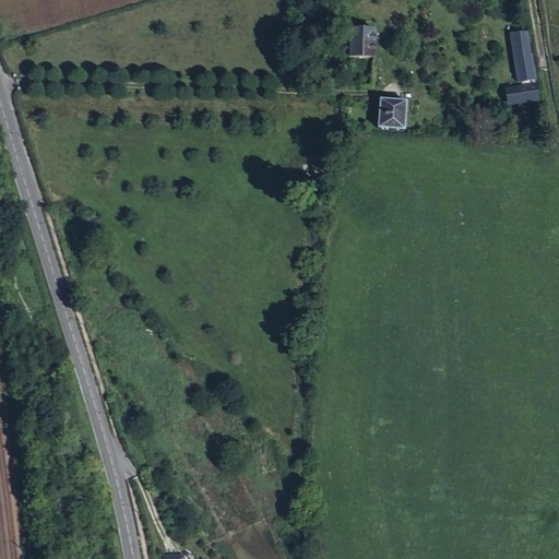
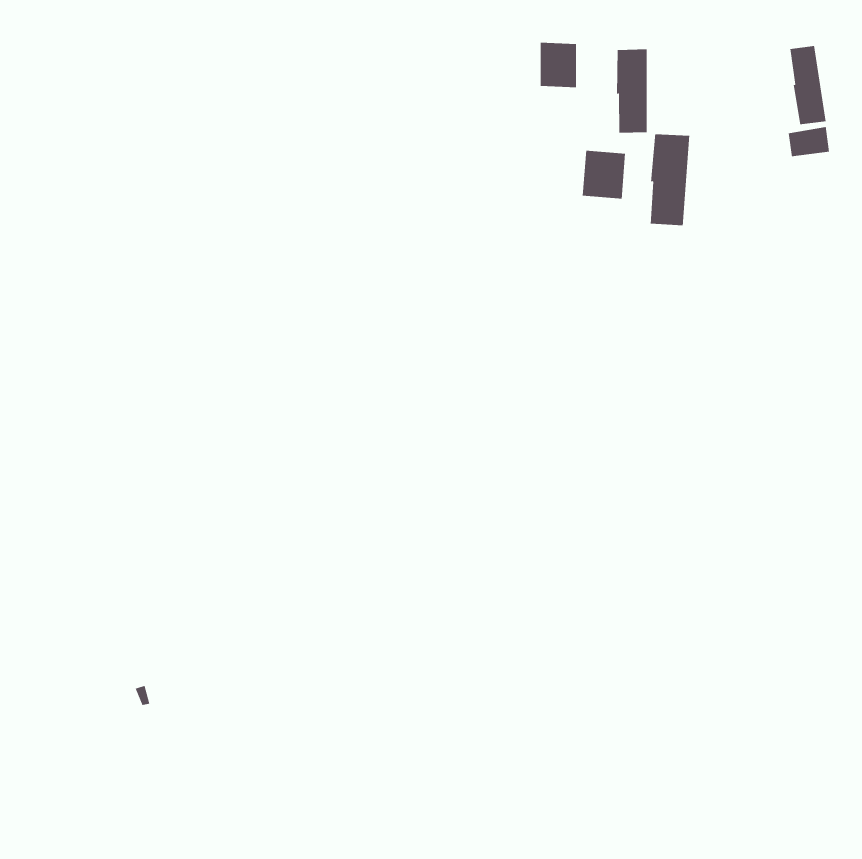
building: none -> [617,49,647,133]
building: none -> [650,134,690,226]

